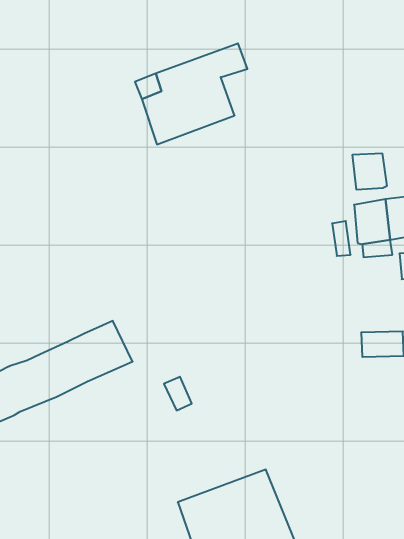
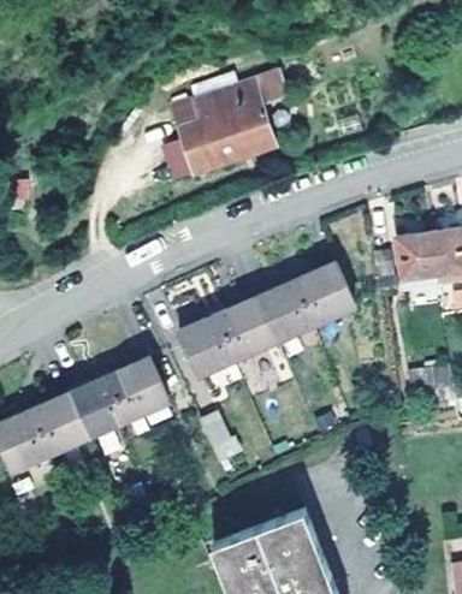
building: [353,153,387,190] -> none
building: none -> [179,261,354,373]

